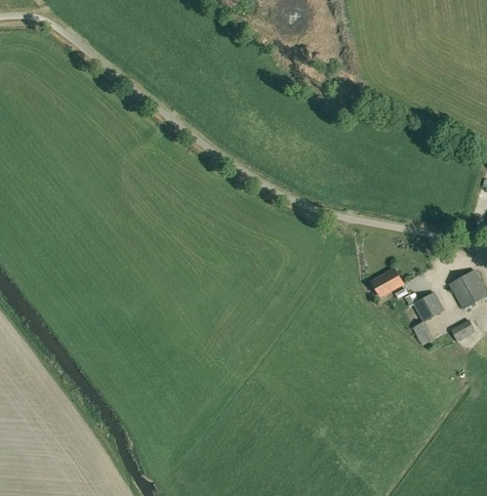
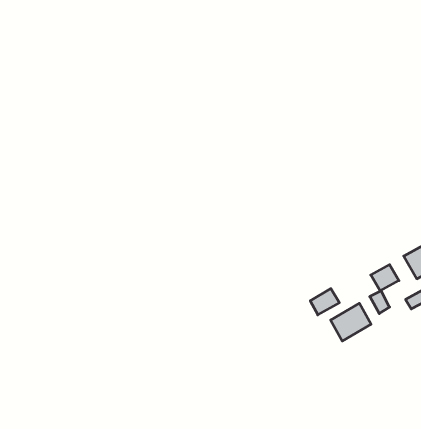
building: [371,267,403,296] -> [310,289,339,315]
building: none -> [331,303,371,341]

